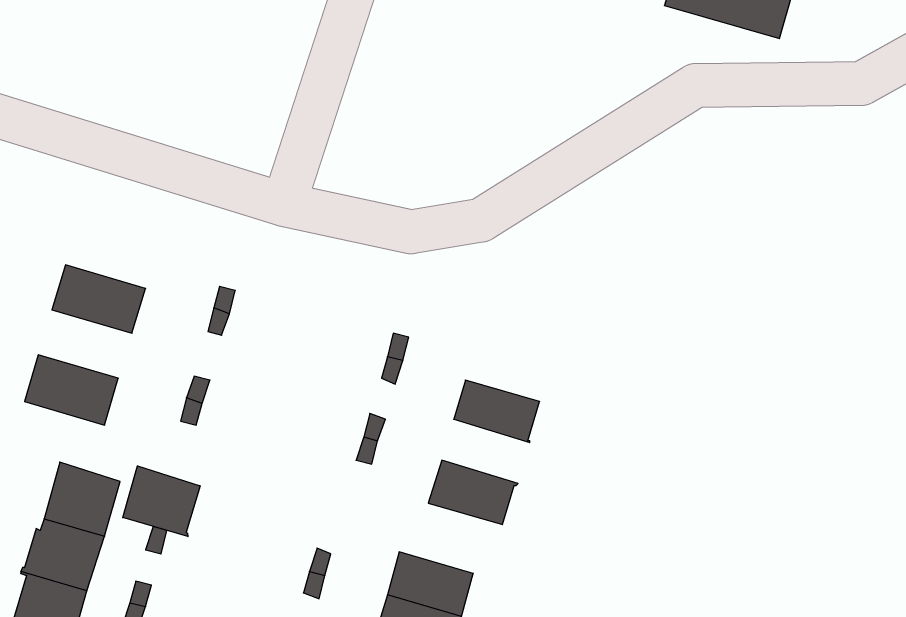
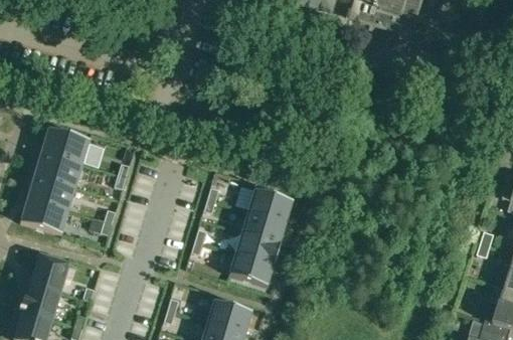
building: none -> [41,127,90,163]
building: none -> [27,174,75,209]
building: none -> [247,188,293,221]
building: none -> [235,230,281,264]
building: [123,466,200,537] -> none

